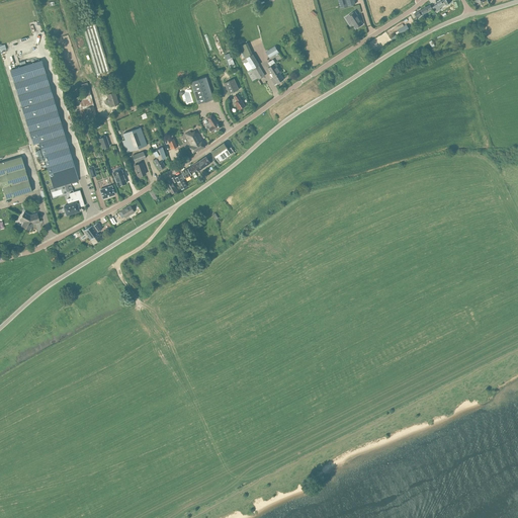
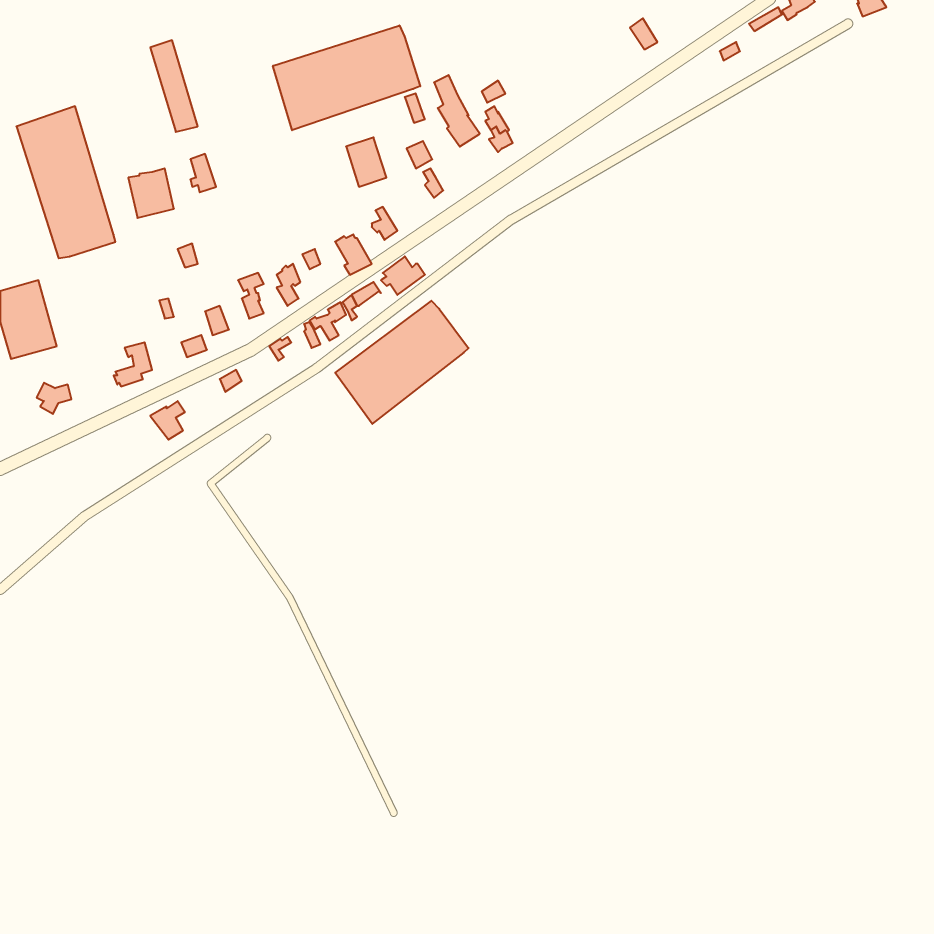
building: none -> [273,25,420,130]
building: [123,126,148,152] -> none
building: [39,134,79,185] -> none
building: none -> [335,301,469,424]

